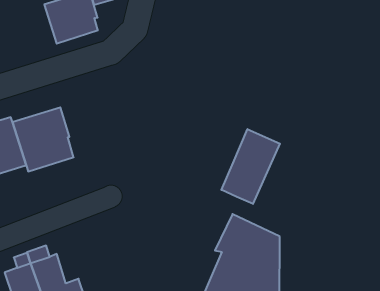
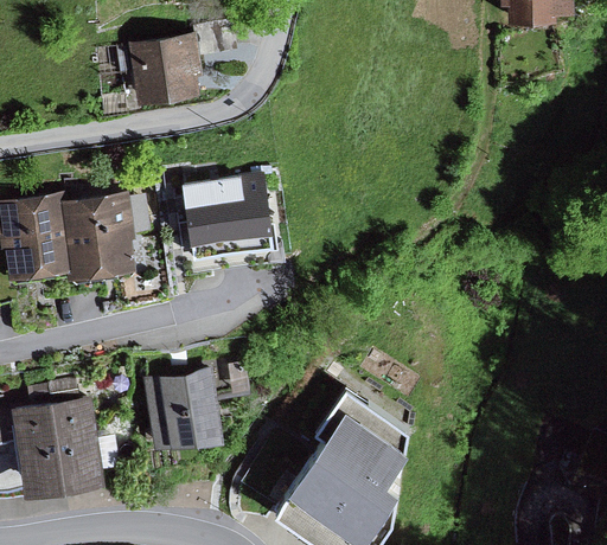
building: none -> [180,178,276,261]
building: [221,129,280,204] -> none
building: none -> [145,372,224,450]

